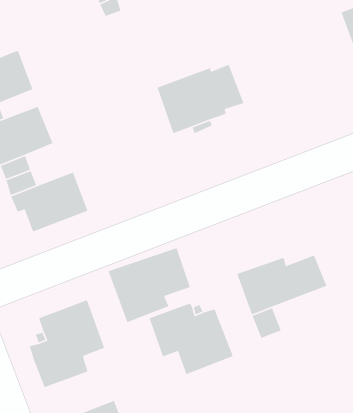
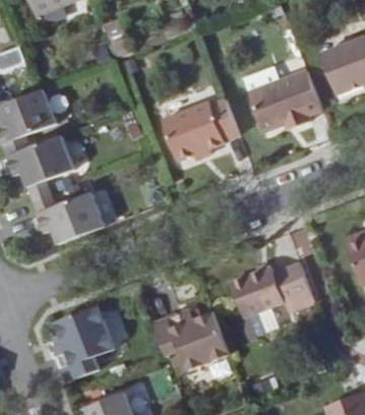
building: none -> [249,69,321,130]
building: [108,247,191,323] -> none

